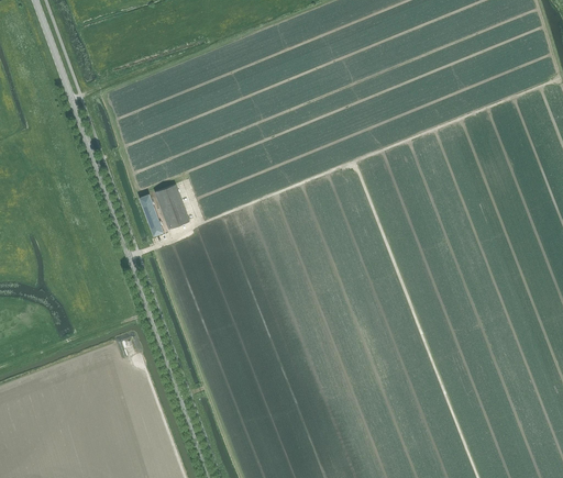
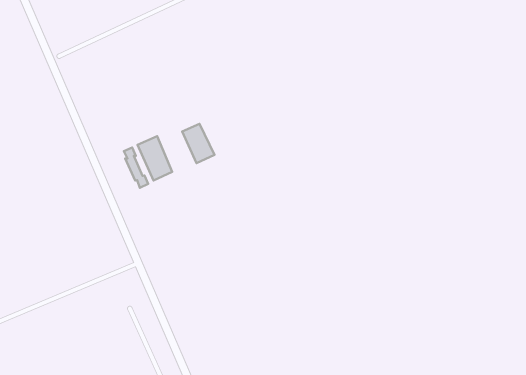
building: none -> [182,124,214,163]

